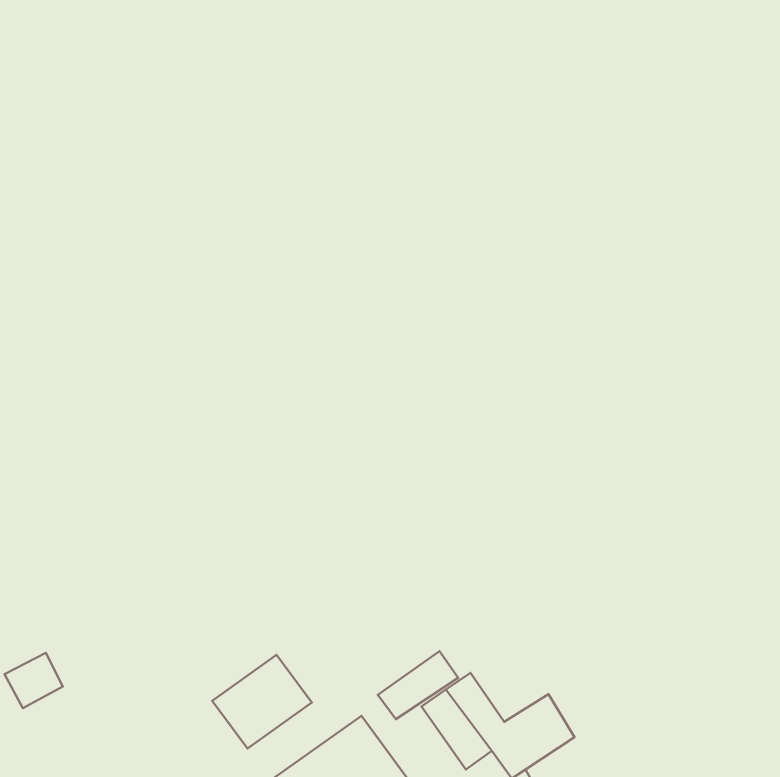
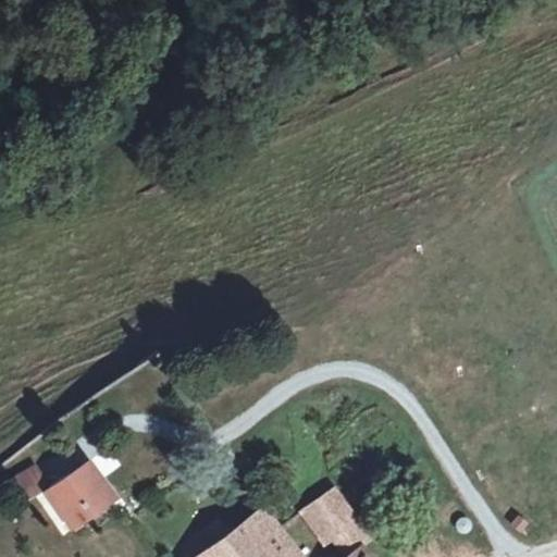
building: [378,651,458,719] -> none
building: [212,655,312,748] -> [44,466,114,532]

